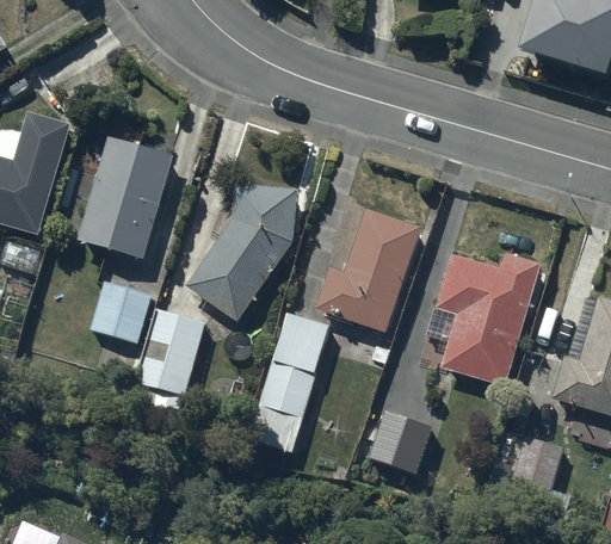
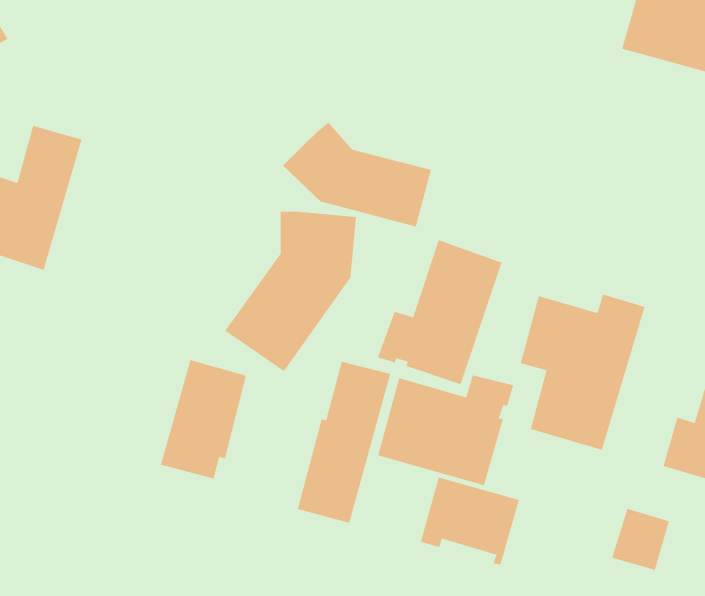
building: none -> [282,121,432,228]
building: [81,138,173,260] -> none
building: [91,280,150,340] -> none
building: none -> [377,374,514,486]

